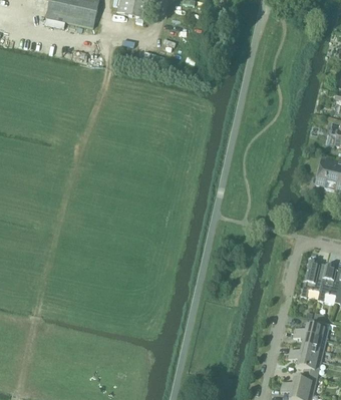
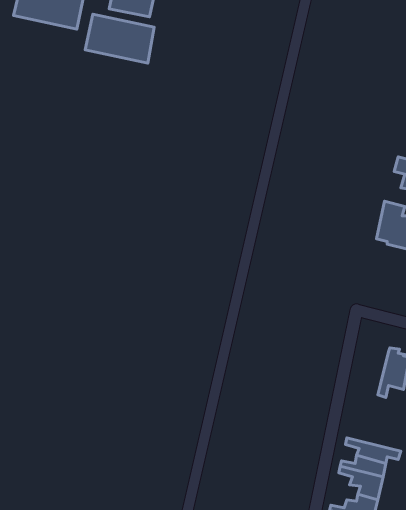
building: none -> [85,14,154,63]
building: [301,260,326,297] -> none
building: [295,317,329,339] -> none

